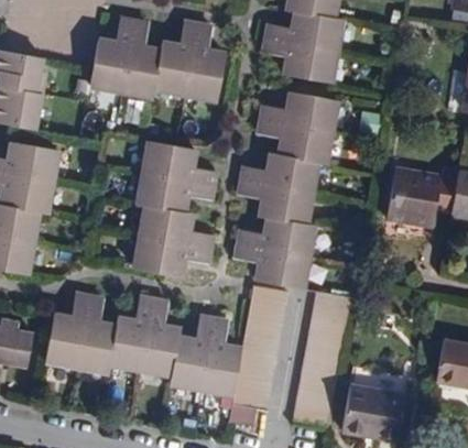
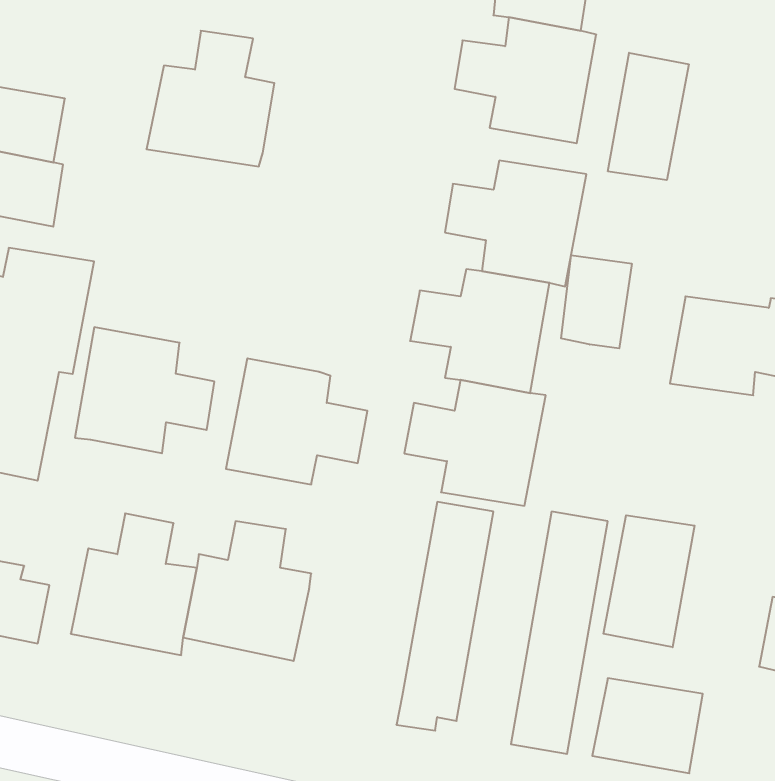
building: [154,22,226,99] -> none
building: none -> [608,53,689,180]
building: [137,141,216,212] -> [75,327,214,453]
building: none -> [561,255,632,348]
building: none -> [603,515,695,647]
building: [171,315,242,396] -> none

